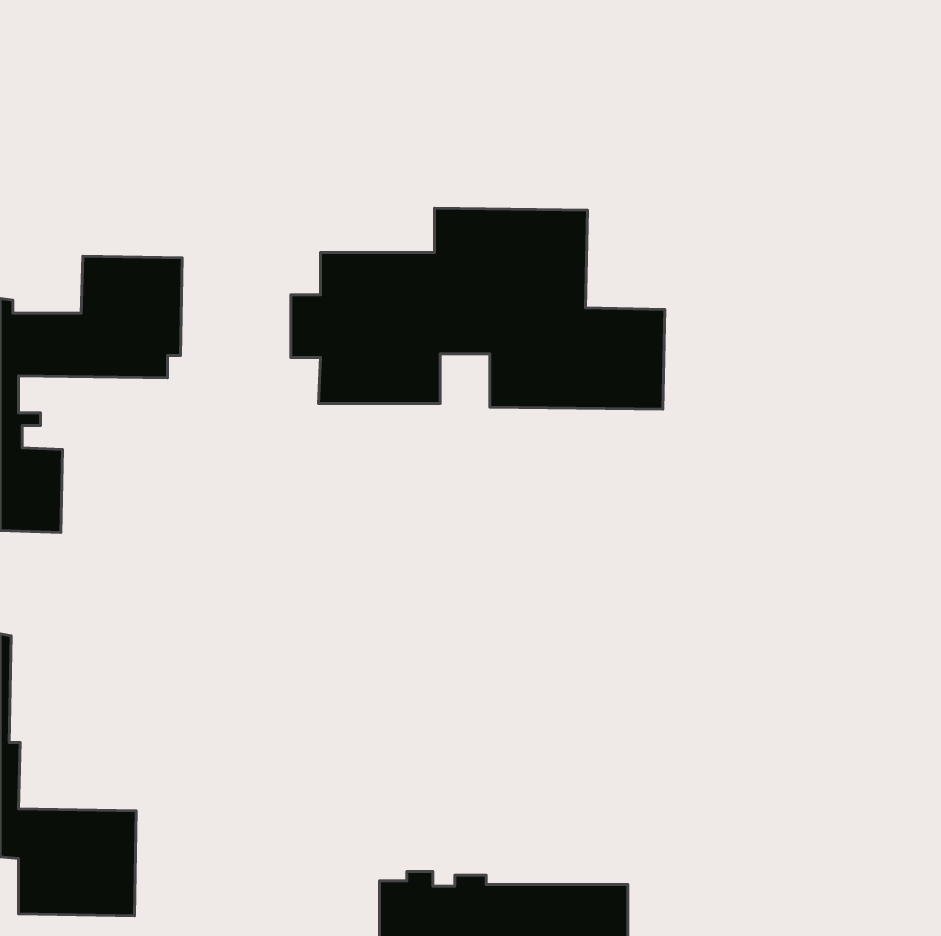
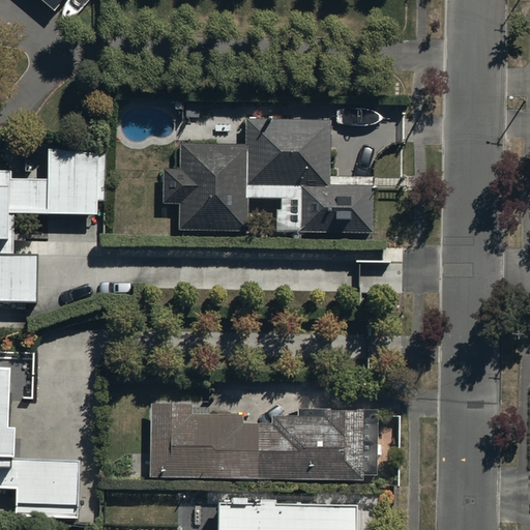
building: none -> [149,403,376,479]

